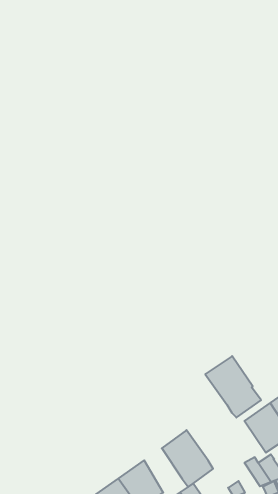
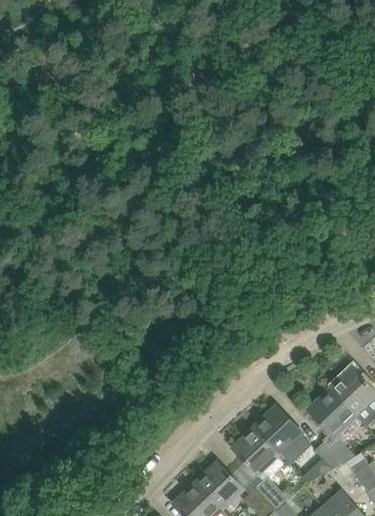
building: [205,356,261,418] -> [254,405,311,464]

